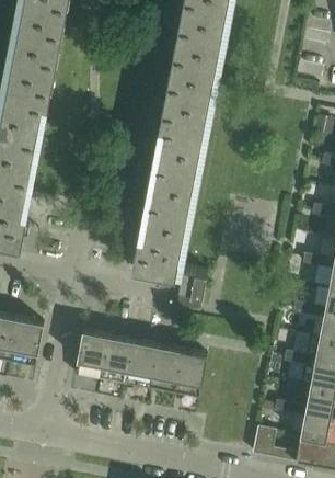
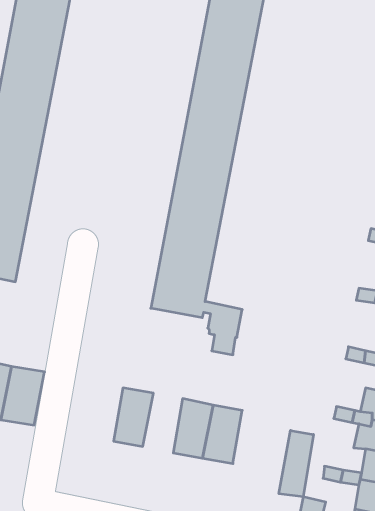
building: [73,329,108,378] -> none
building: [125,339,158,388] -> none
building: none -> [279,430,313,497]

